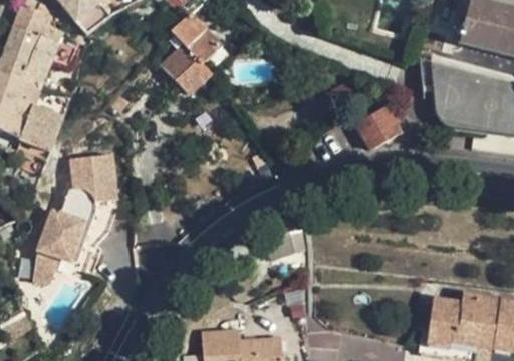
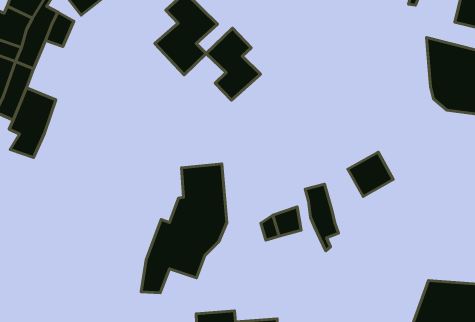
building: none -> [206,28,260,100]
building: [356,104,402,148] -> [348,152,393,197]
building: [32,152,117,281] -> [141,164,227,293]
building: none -> [305,184,339,251]

